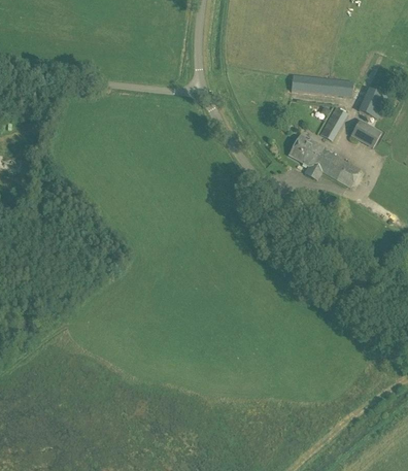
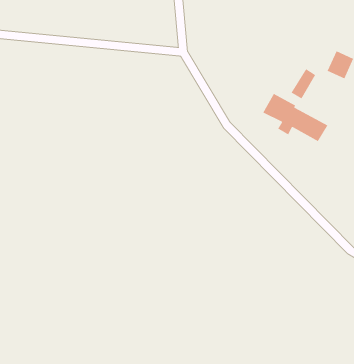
building: [291,75,353,97] -> none
building: [350,120,381,147] -> none

